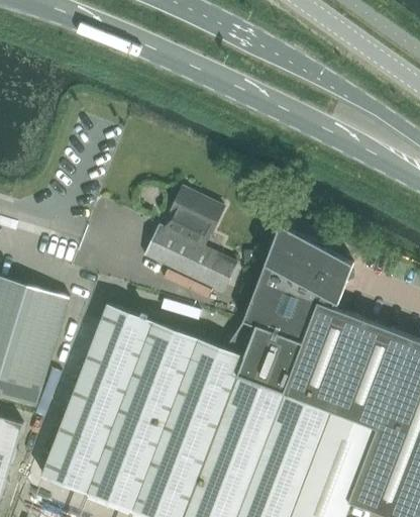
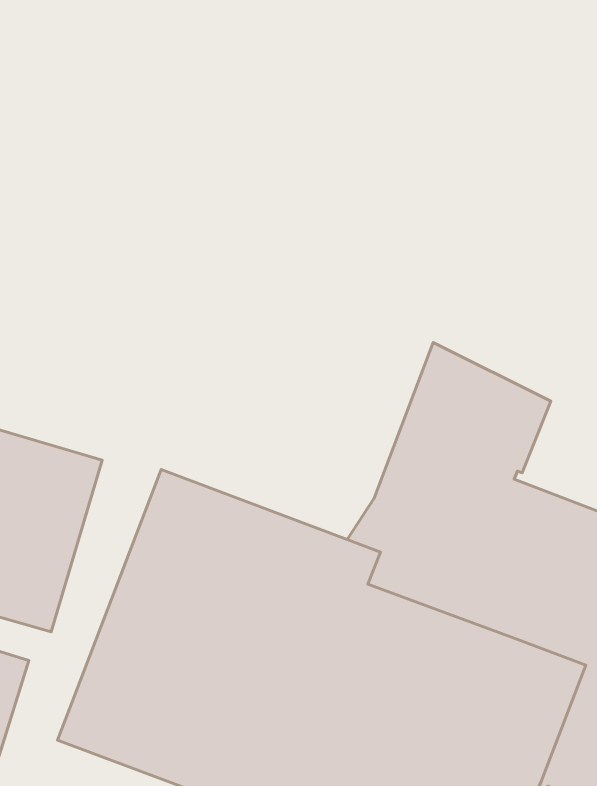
building: [144,189,237,294] -> none

